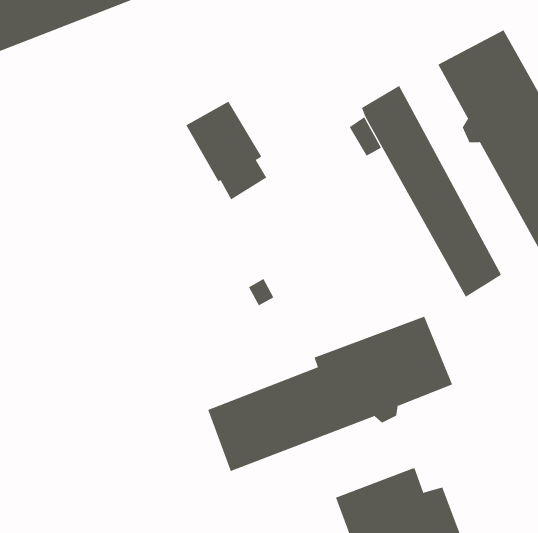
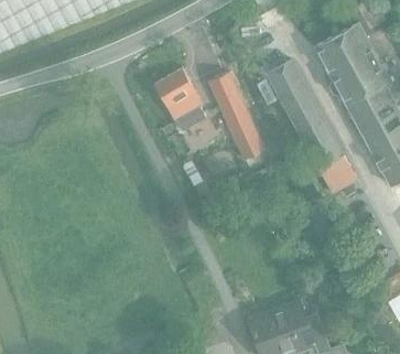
building: none -> [213,73,266,158]
building: [208,316,453,472] -> none

